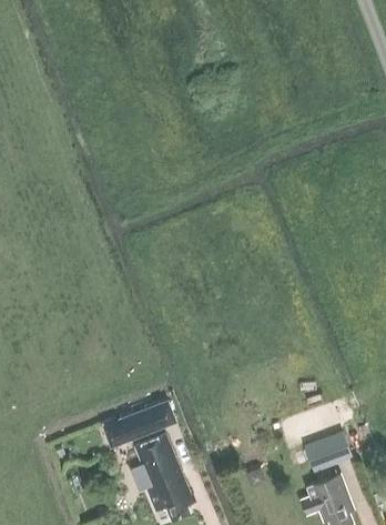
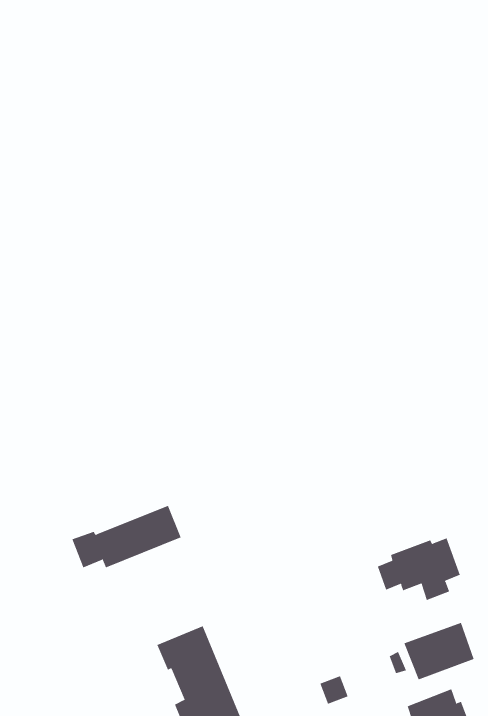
building: none -> [377,537,460,601]
building: [102,400,177,443] -> [72,505,181,568]

